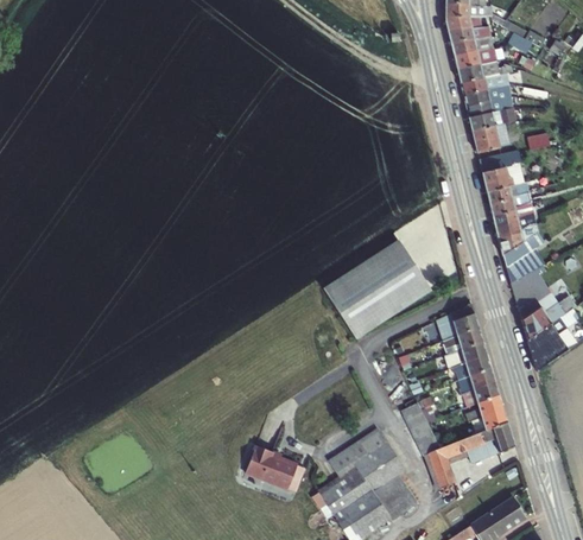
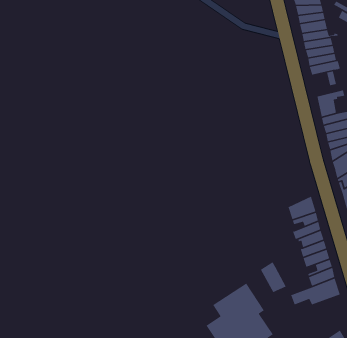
building: [473,126,500,154] -> none
building: [324,241,432,339] -> none
building: [417,436,455,489] -> none
building: [246,446,298,490] -> none

